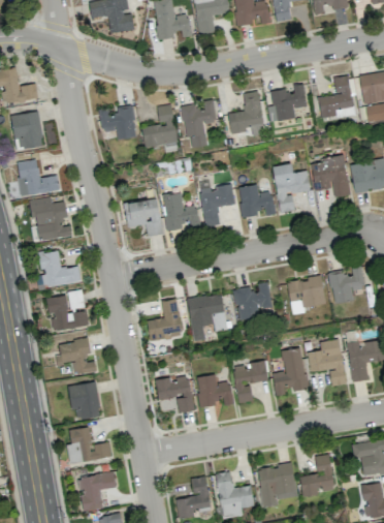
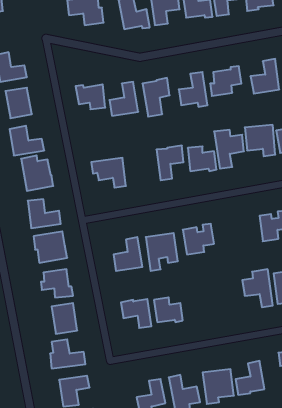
building: [163,193,199,228] -> none
building: [287,276,326,314] -> none
building: [273,348,308,396] -> none
building: [232,361,268,403] -> none

